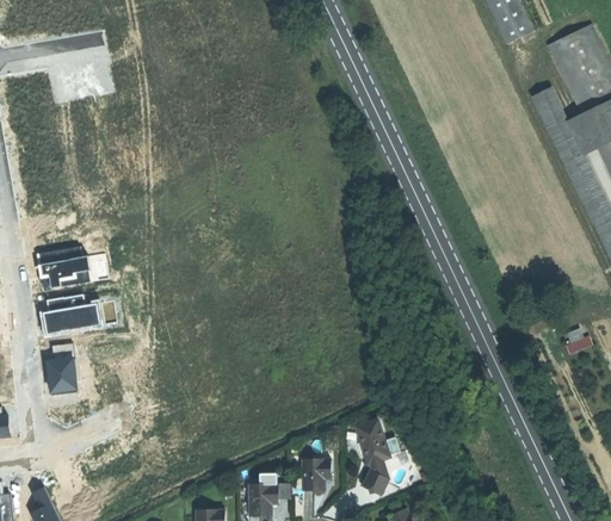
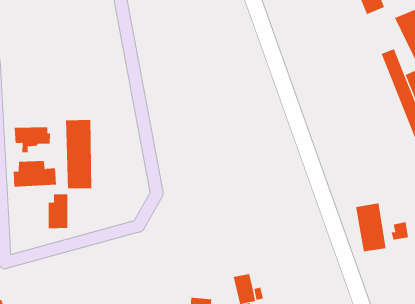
building: none -> [65,119,92,189]
building: none -> [356,203,386,252]
building: [48,343,79,393] -> [48,194,68,229]

